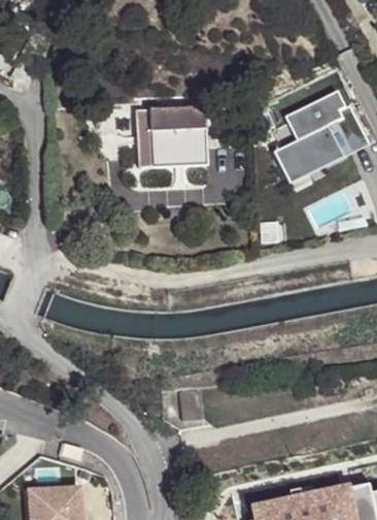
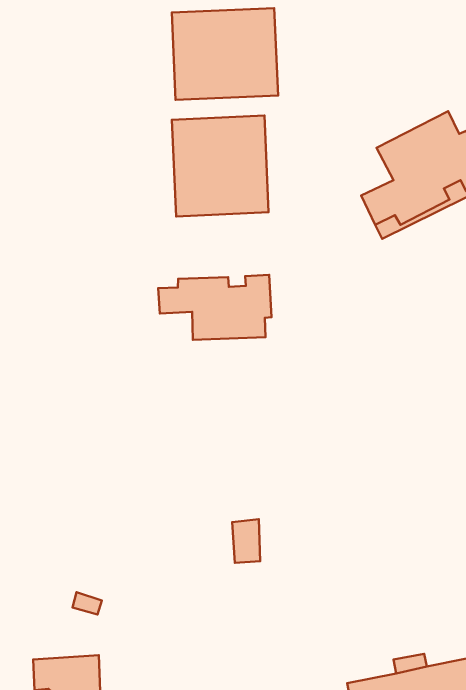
building: none -> [172,8,278,100]
building: none -> [158,275,272,340]

